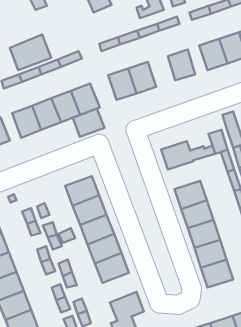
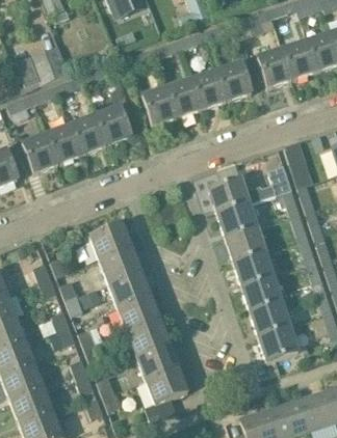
building: none -> [191,71,226,109]
building: [73,109,104,137] -> none
building: none -> [216,202,257,238]
building: none -> [134,343,177,380]

